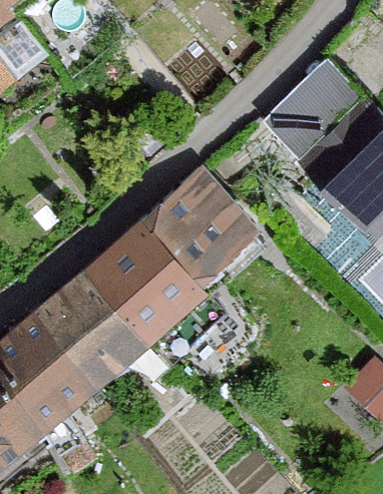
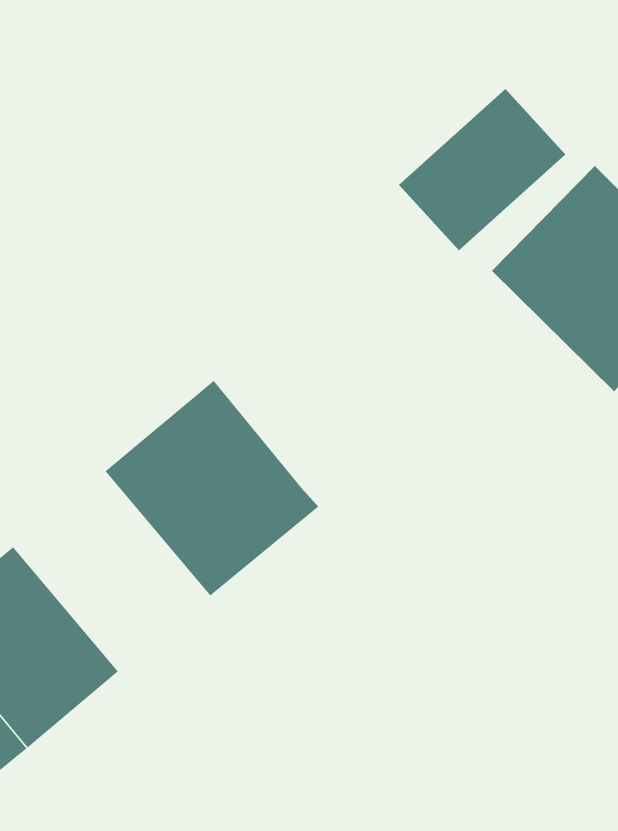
building: [149,174,263,288] -> none
building: [37,277,147,389] -> none

